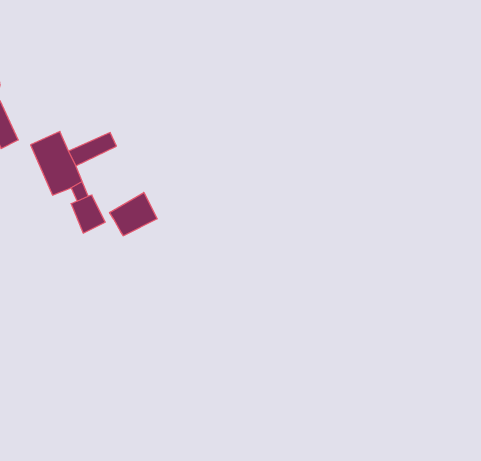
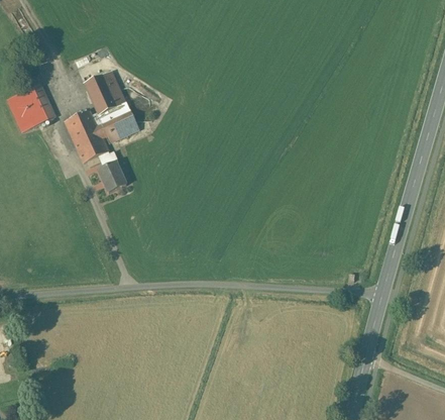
building: none -> [84,71,125,115]
building: [110,192,157,236] -> none

